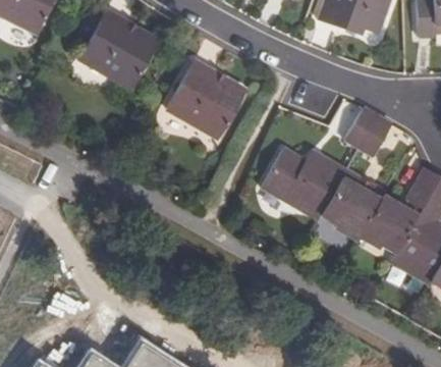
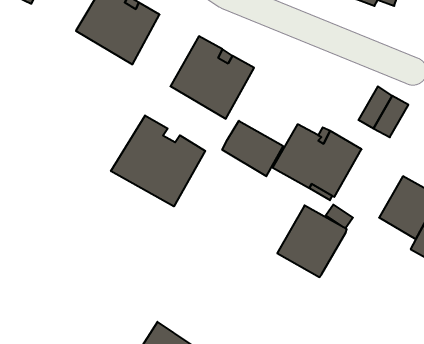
building: none -> [111,115,205,206]
building: none -> [222,121,283,176]
building: [320,168,385,235] -> [277,205,347,277]

